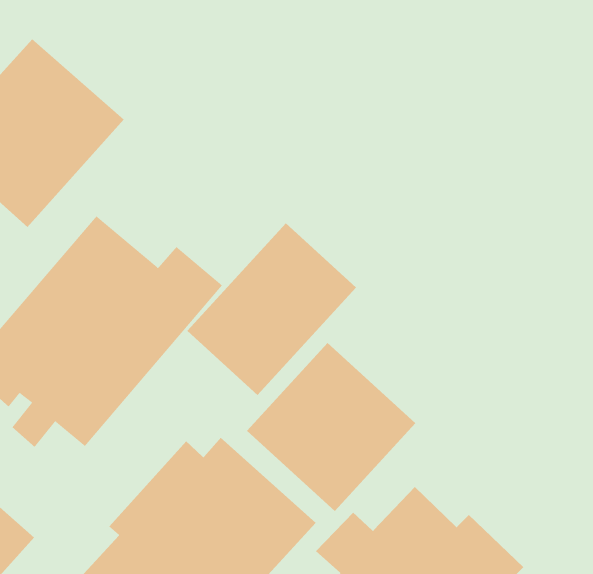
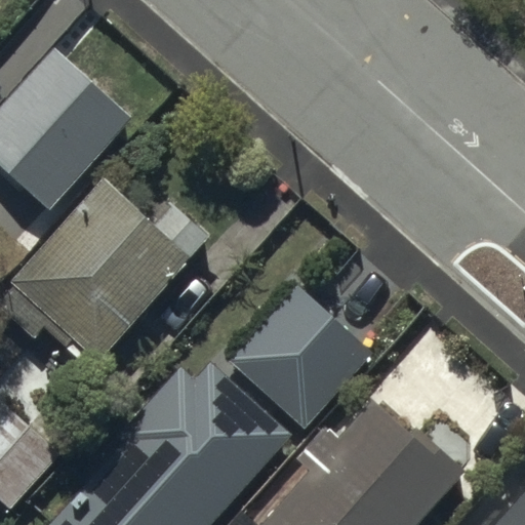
building: [187,223,357,396] -> none

